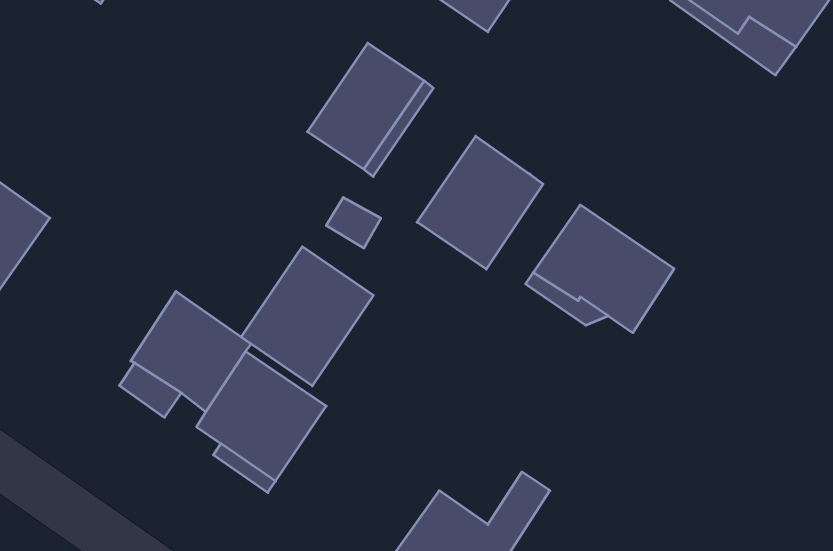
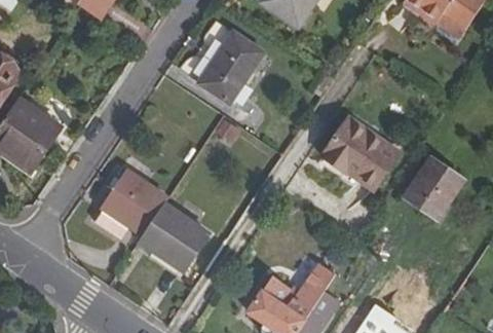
building: [417,136,543,269] -> none
building: [241,247,373,386] -> none
building: none -> [406,157,463,218]

